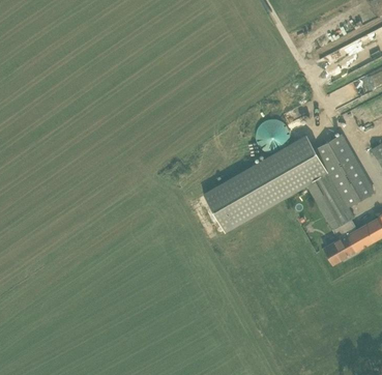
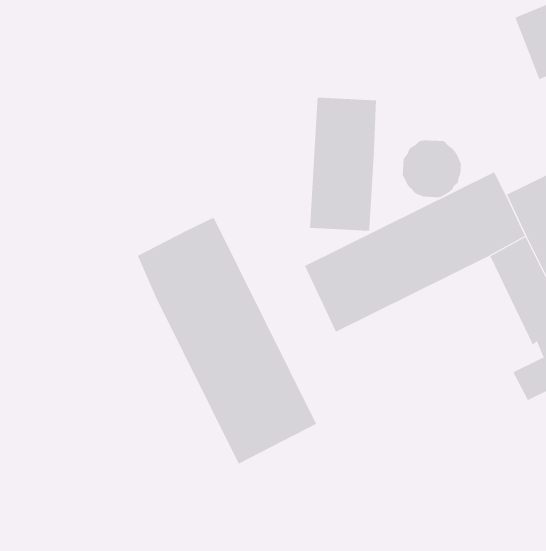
building: none -> [310,97,376,233]
building: none -> [137,217,317,465]

